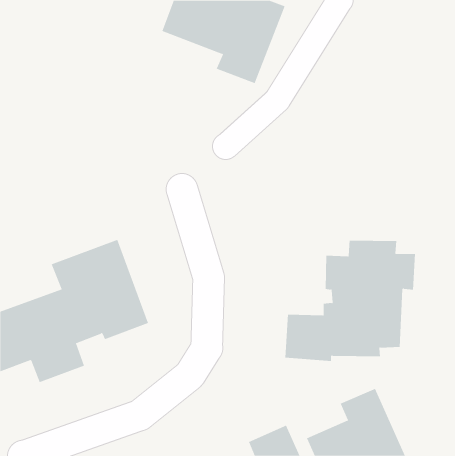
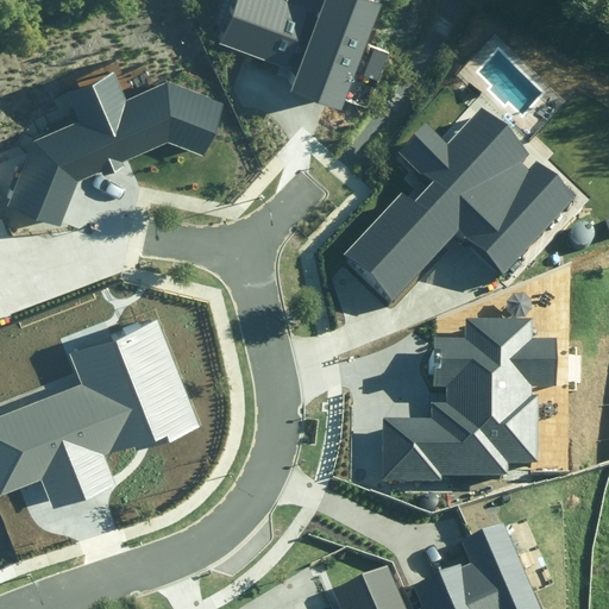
building: none -> [8,73,228,225]
building: none -> [340,115,570,299]

